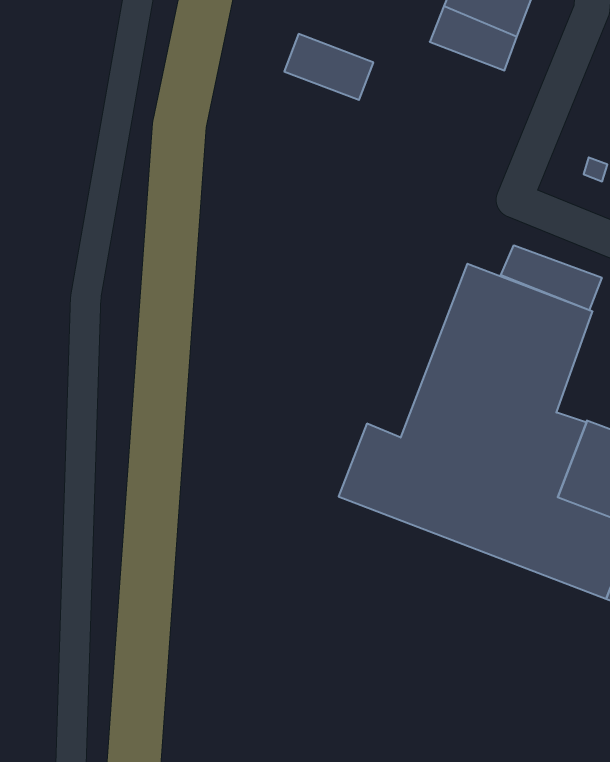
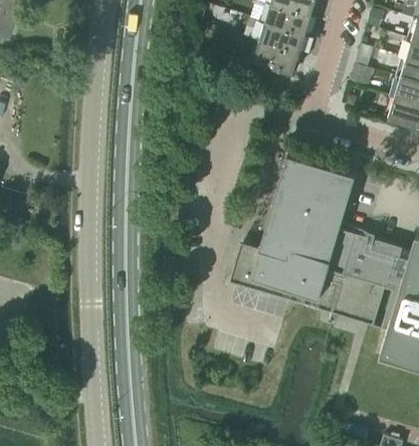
building: [284,34,373,100] -> [253,40,299,72]
building: [501,245,602,310] -> none

